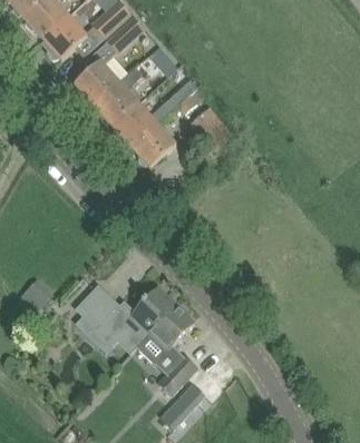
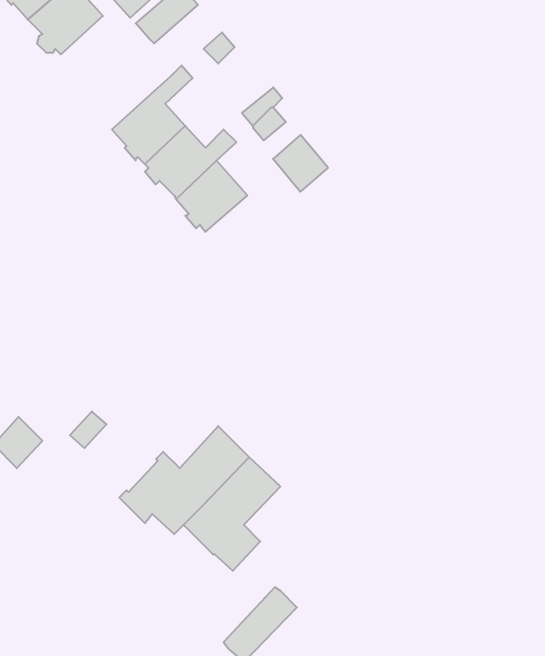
building: [74,60,118,105] -> none
building: [79,285,120,325] -> none
building: [157,354,197,395] -> none

